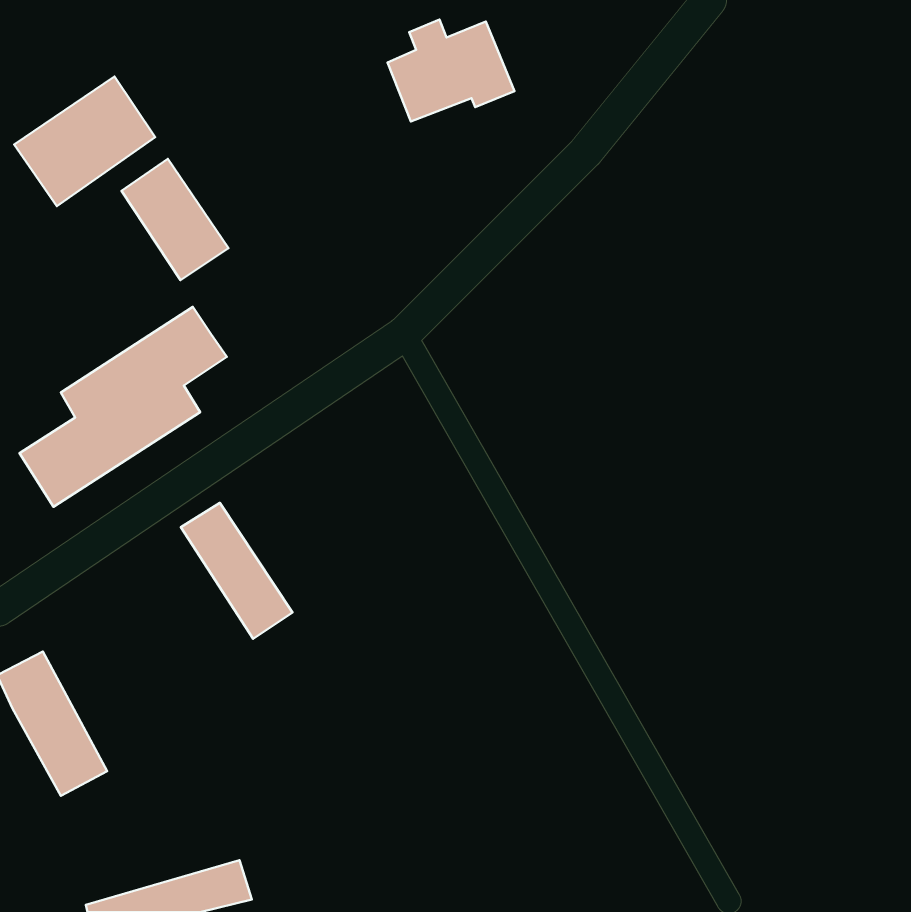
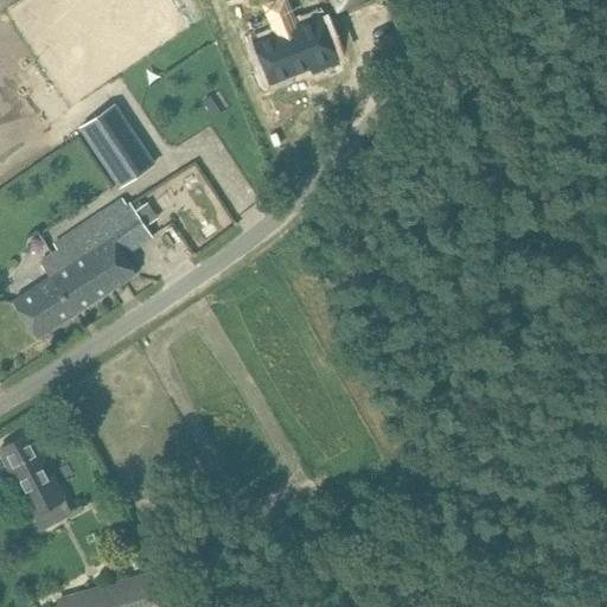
building: [14,76,155,206] -> none
building: [181,503,293,639] -> none

